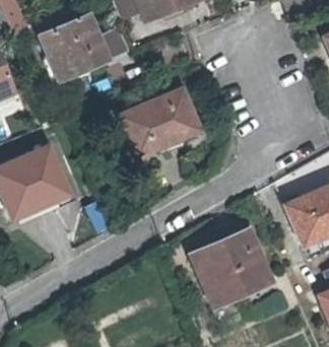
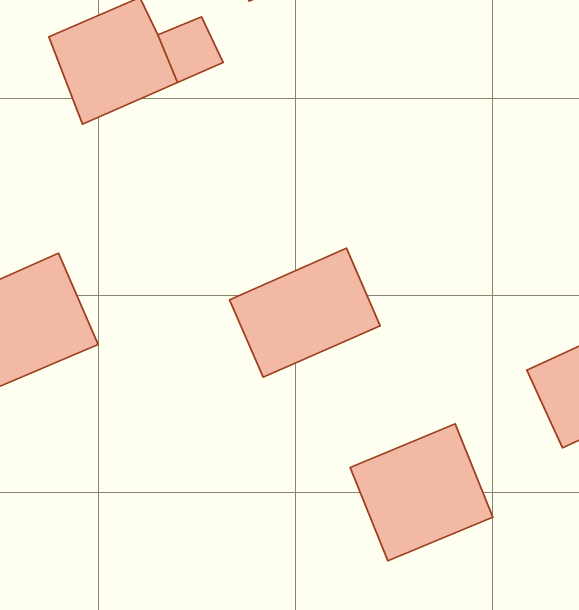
building: [120,87,197,153] -> [230,248,380,377]

